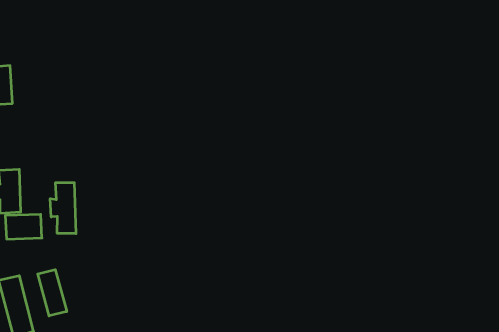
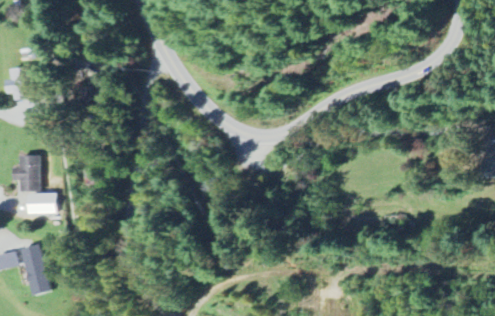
building: [50,183,76,234] -> none
building: [38,270,67,316] -> none

